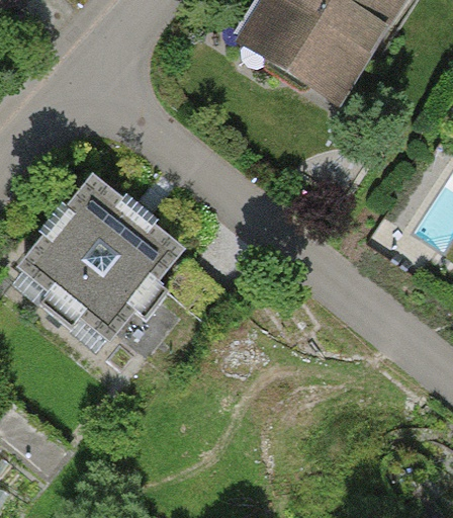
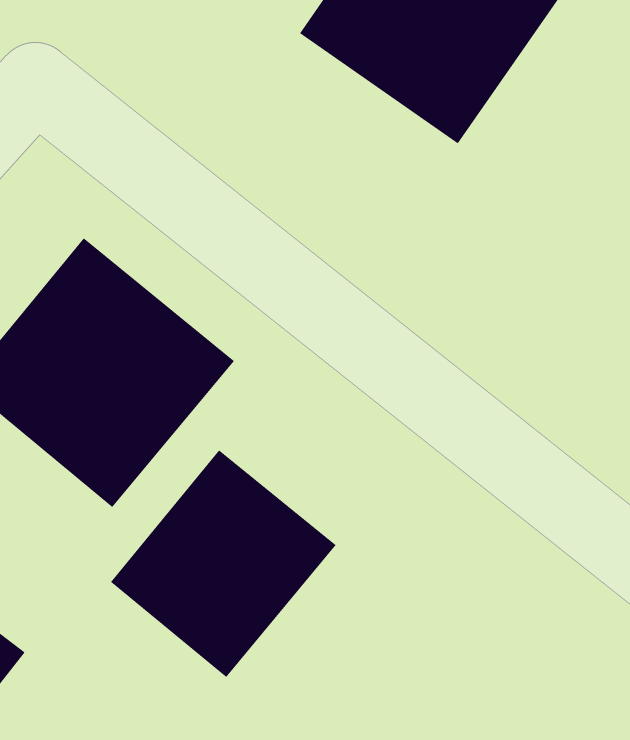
building: none -> [110,449,336,678]

